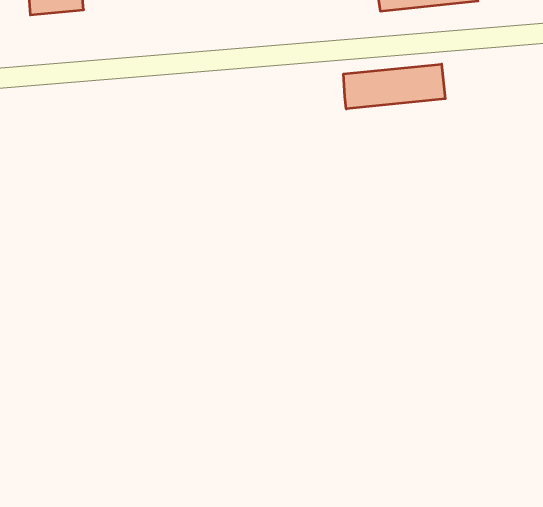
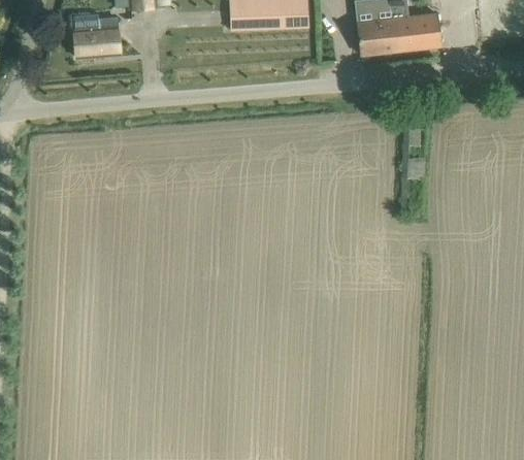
building: [344,64,445,109] -> none

